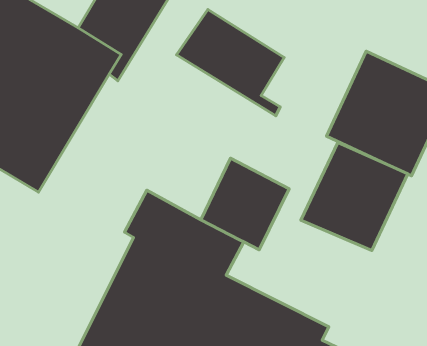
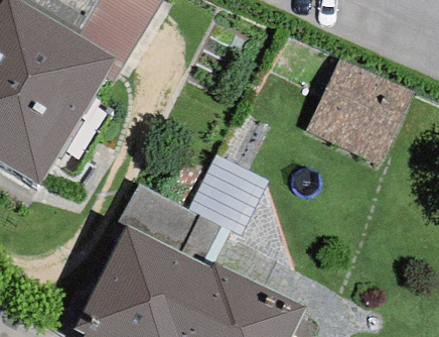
building: [176,10,284,116] -> none
building: [301,143,408,251] -> none

